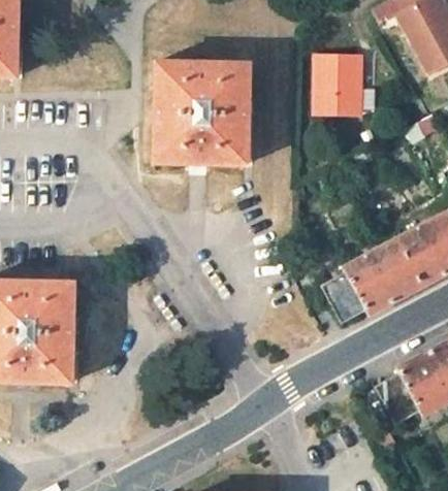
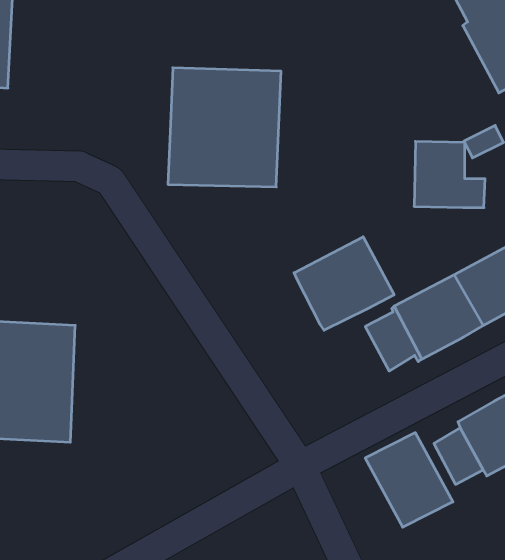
building: [317,57,378,113] -> [414,141,485,208]
building: none -> [294,237,394,330]
building: none -> [365,433,453,527]

